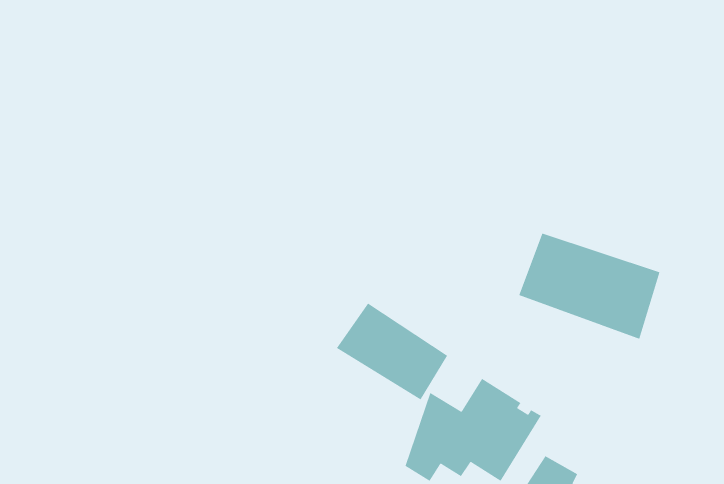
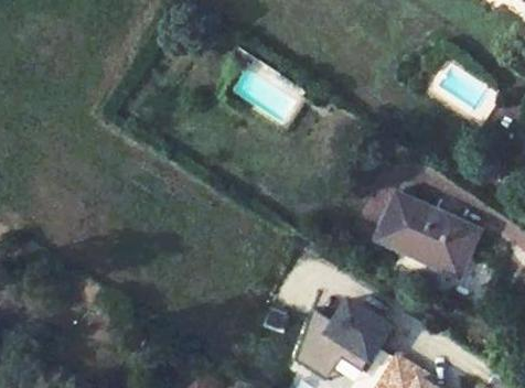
building: [336,303,448,401] -> none

